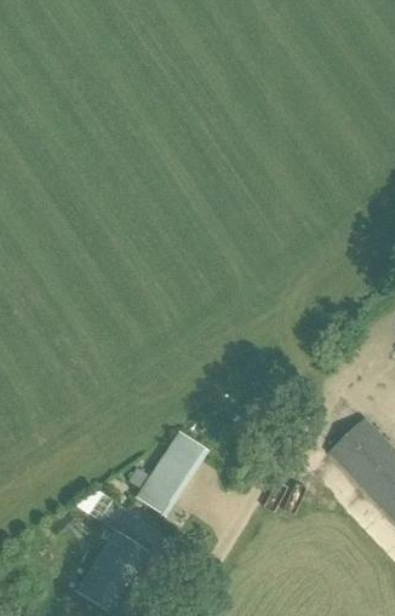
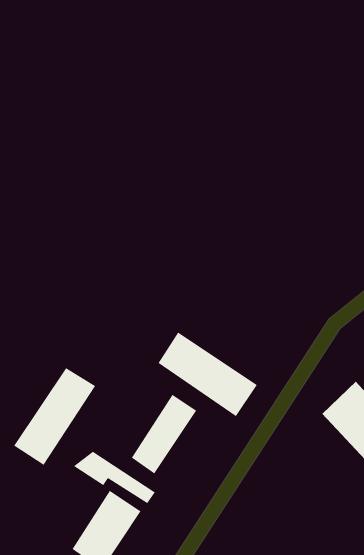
building: none -> [158,331,258,417]
building: none -> [13,367,96,466]

